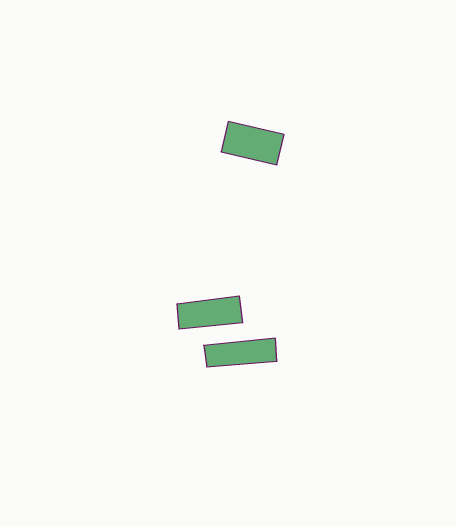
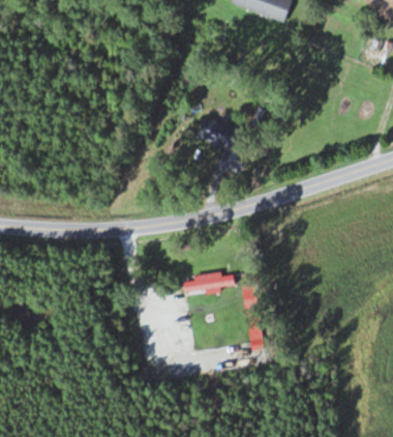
building: [177,296,243,329] -> none

